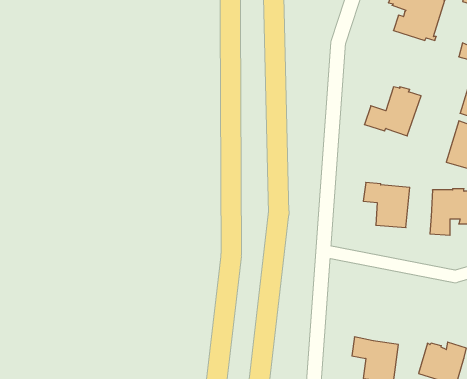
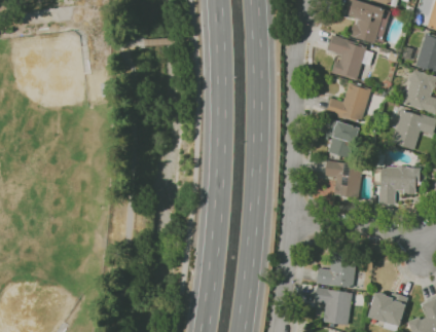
building: none -> [326,34,372,80]
building: none -> [322,118,357,160]
building: none -> [316,251,357,287]

